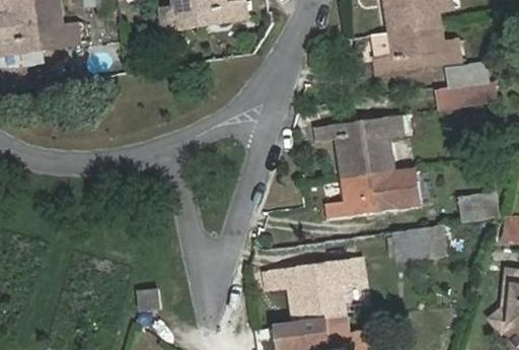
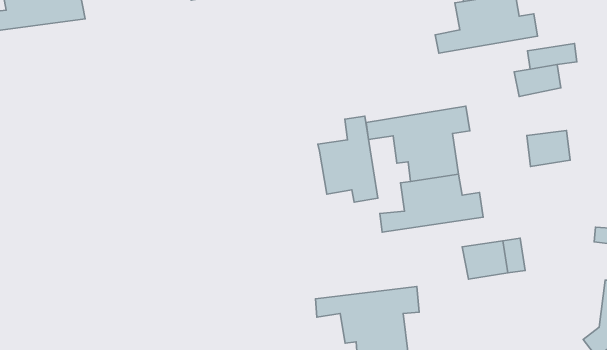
building: none -> [318,116,378,202]
building: [459,193,495,222] -> [527,131,570,166]

